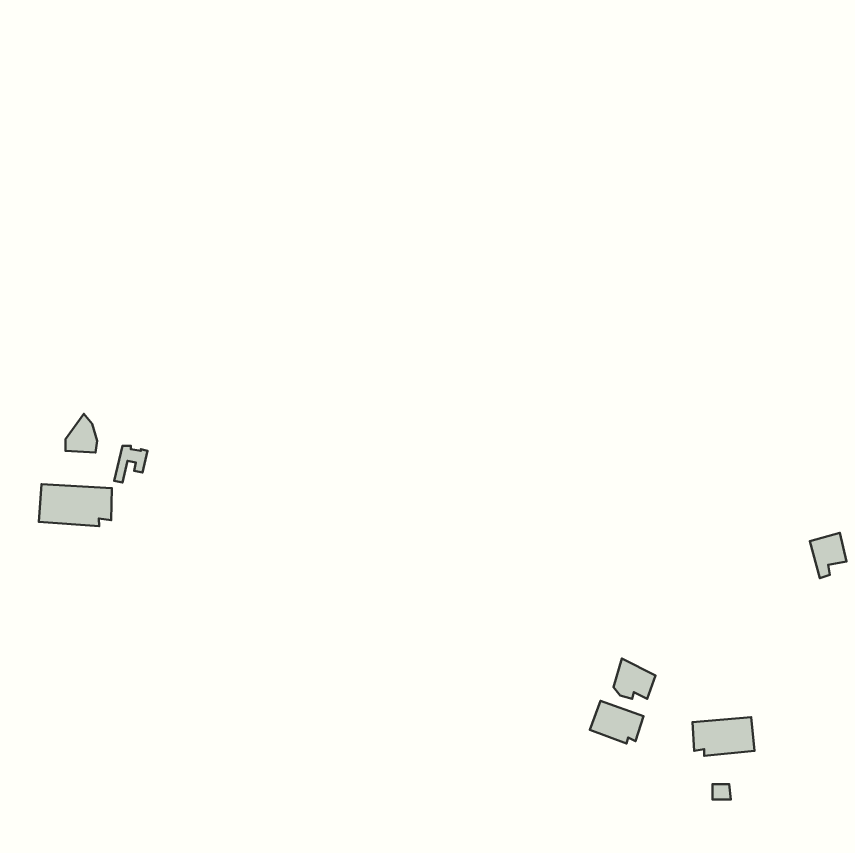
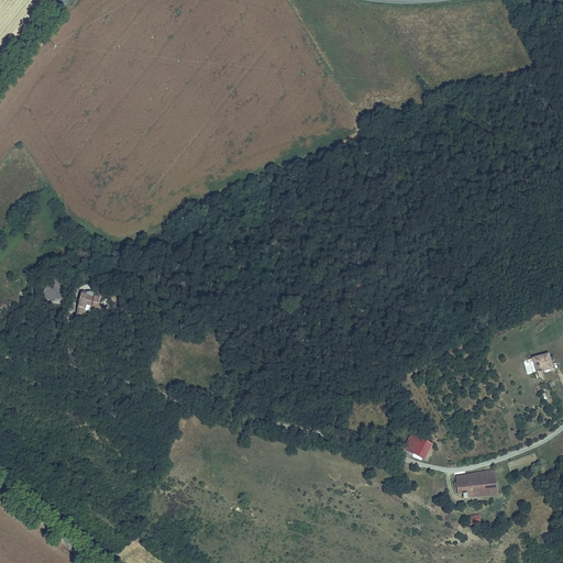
building: [39,484,112,526] -> none
building: [590,701,644,744] -> none

